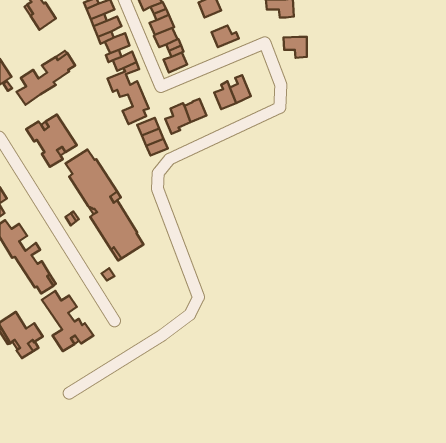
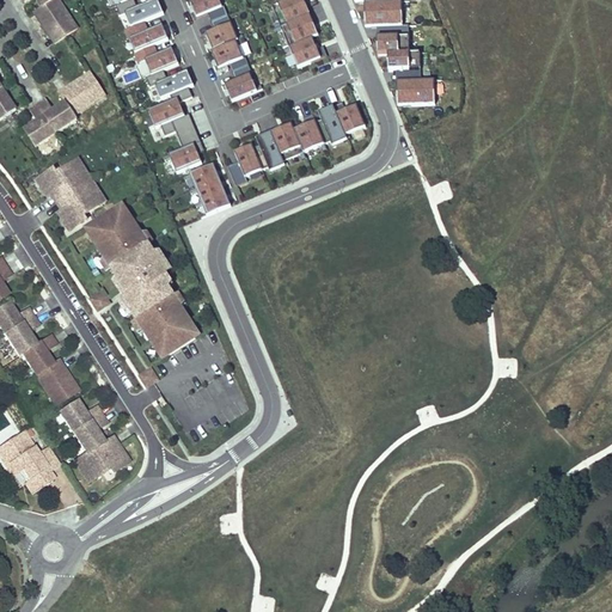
building: none -> [280,14,311,44]
building: none -> [377,23,409,51]
building: none -> [396,78,434,103]
building: none -> [331,99,363,131]
building: none -> [273,121,302,158]

